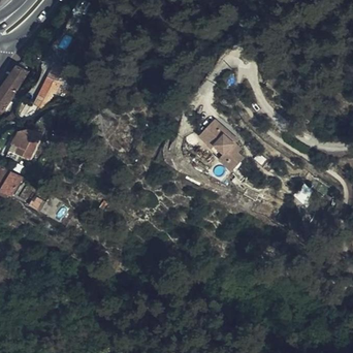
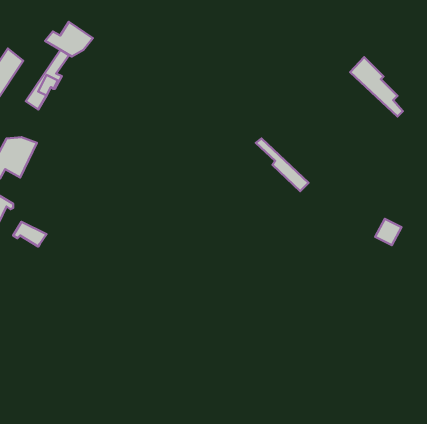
building: none -> [45,22,93,57]
building: [206,120,246,164] -> [350,57,403,117]

